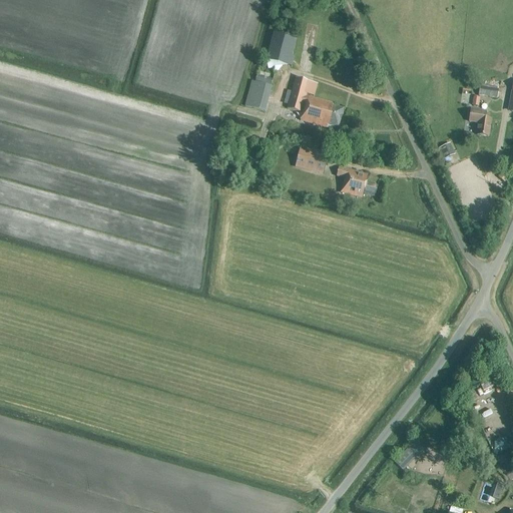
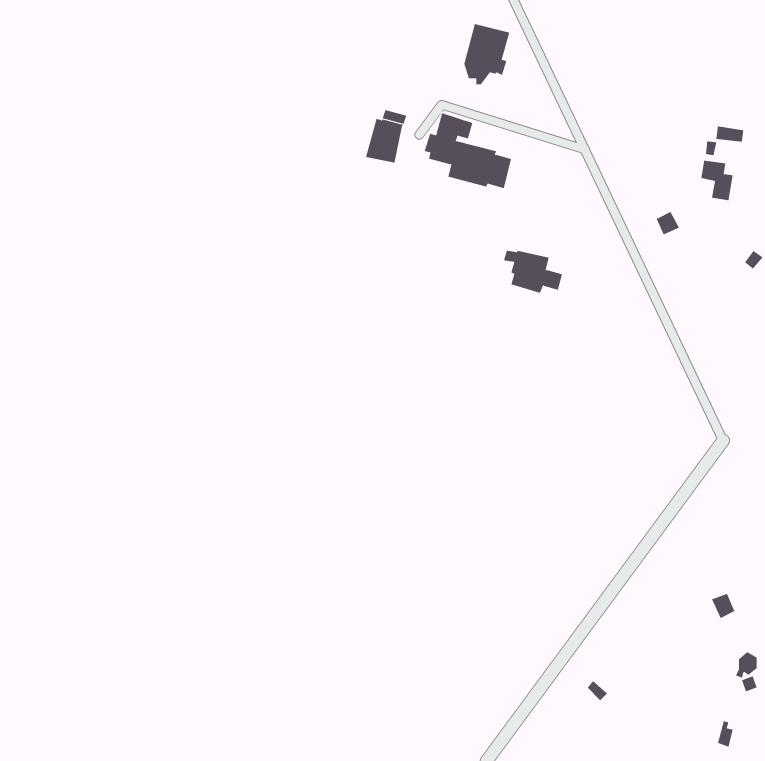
building: [266,30,297,71] -> [464,23,510,85]
building: [295,145,328,172] -> none

